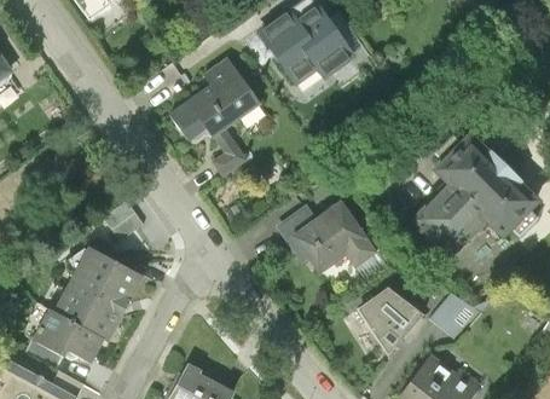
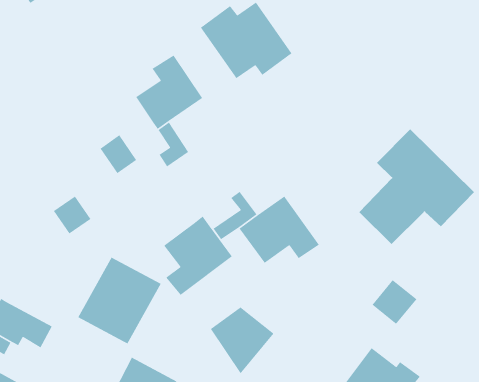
building: [168,100,207,141] -> [100,134,137,174]
building: none -> [163,216,233,296]
building: [57,248,144,339] -> [77,256,162,345]
building: [357,287,423,357] -> [210,306,274,375]

